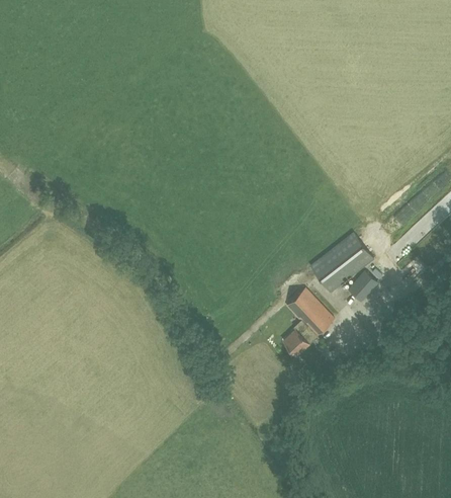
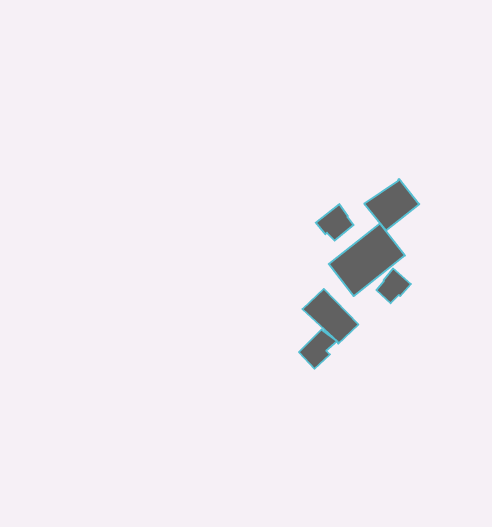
building: none -> [364,179,419,231]
building: none -> [316,204,354,241]

